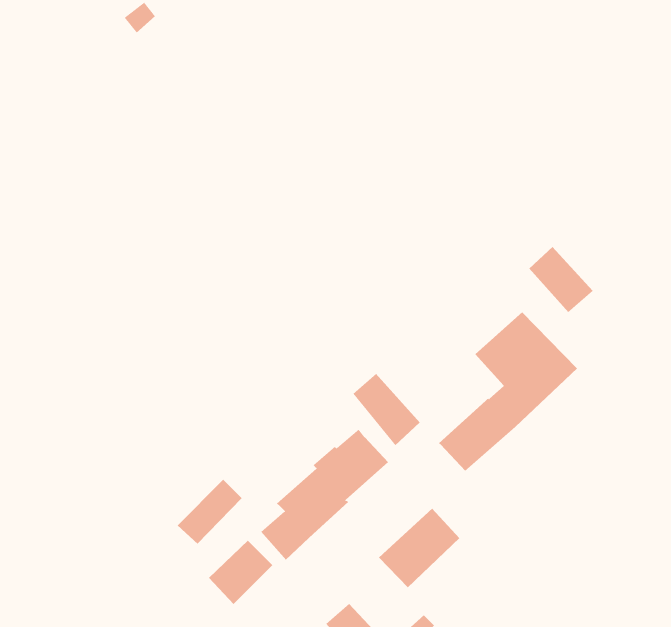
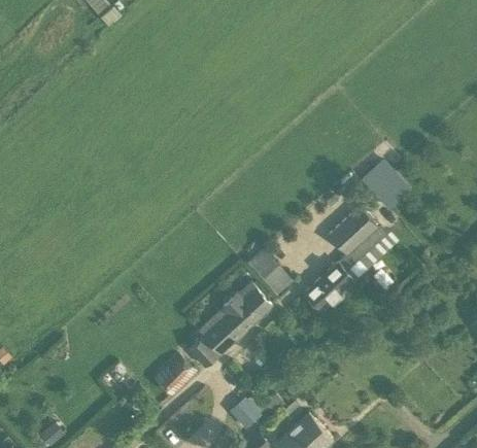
building: [177,479,242,544] -> none
building: [378,508,460,588] -> none

